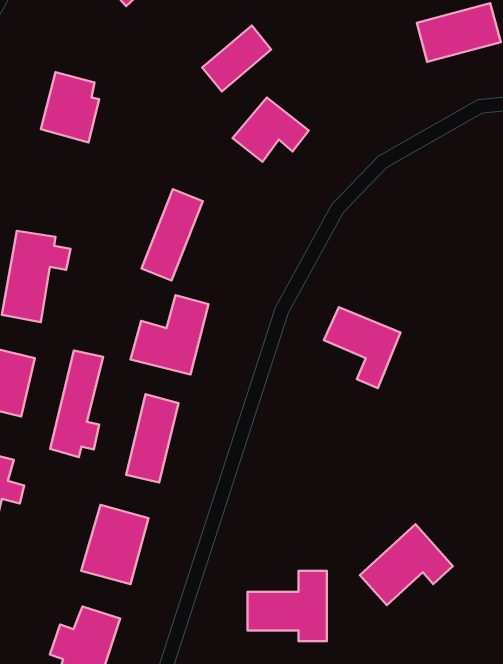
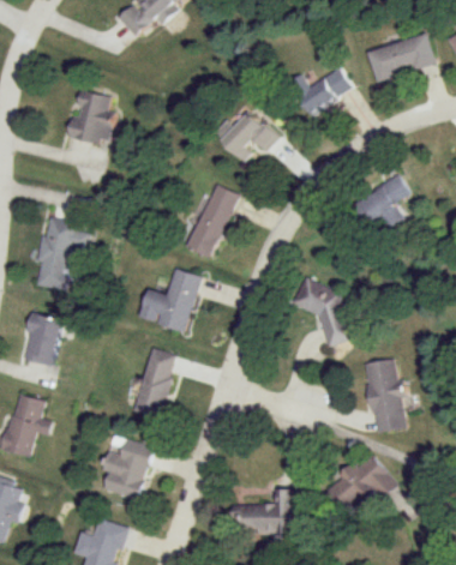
building: [202,26,271,91] -> [296,65,352,118]
building: none -> [352,176,409,233]
building: [141,189,203,280] -> [187,184,236,257]
building: [50,351,103,457] -> none
building: none -> [365,357,404,432]

